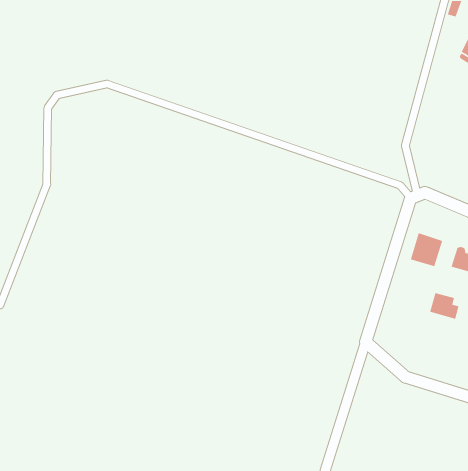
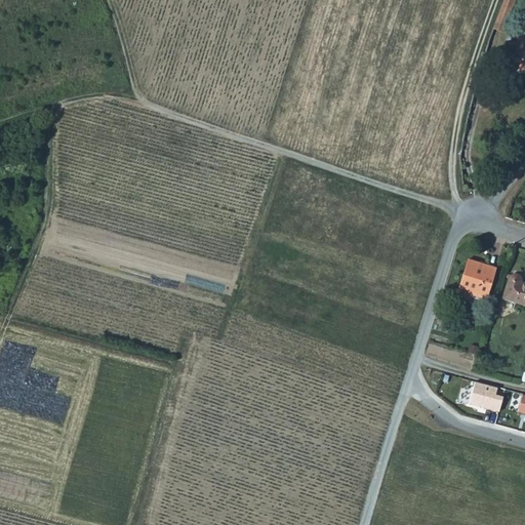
building: [429,292,460,320] -> [472,381,506,412]

